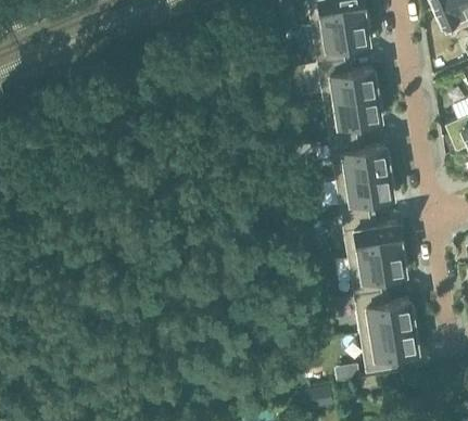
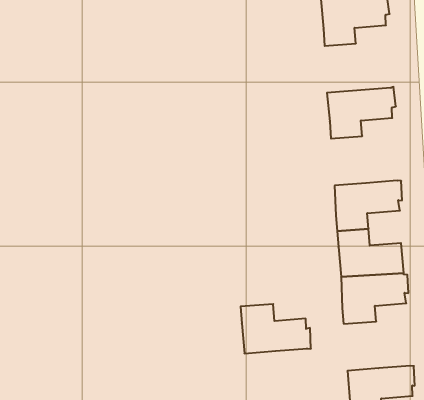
building: [319,61,380,104] -> none
building: [331,138,393,181] -> none
building: [355,292,417,335] -> [241,304,311,353]

